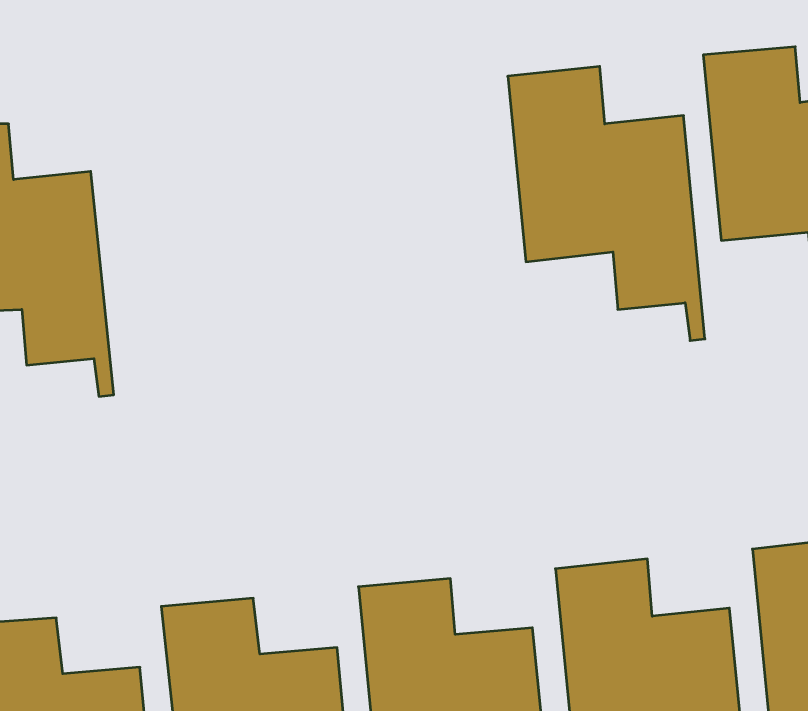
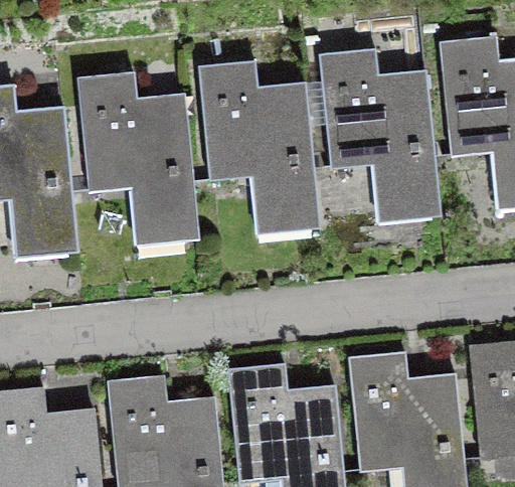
building: none -> [199,60,320,235]
building: none -> [78,72,199,239]

